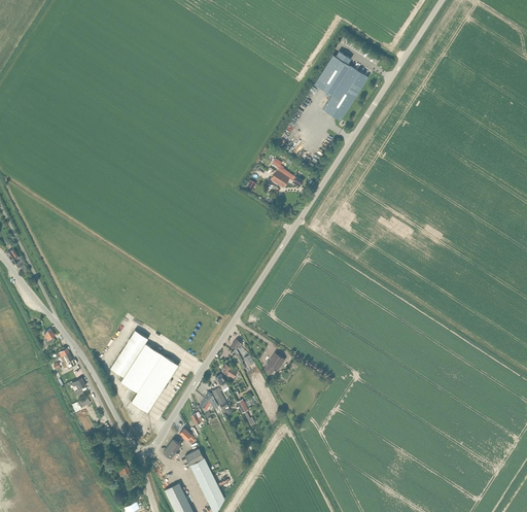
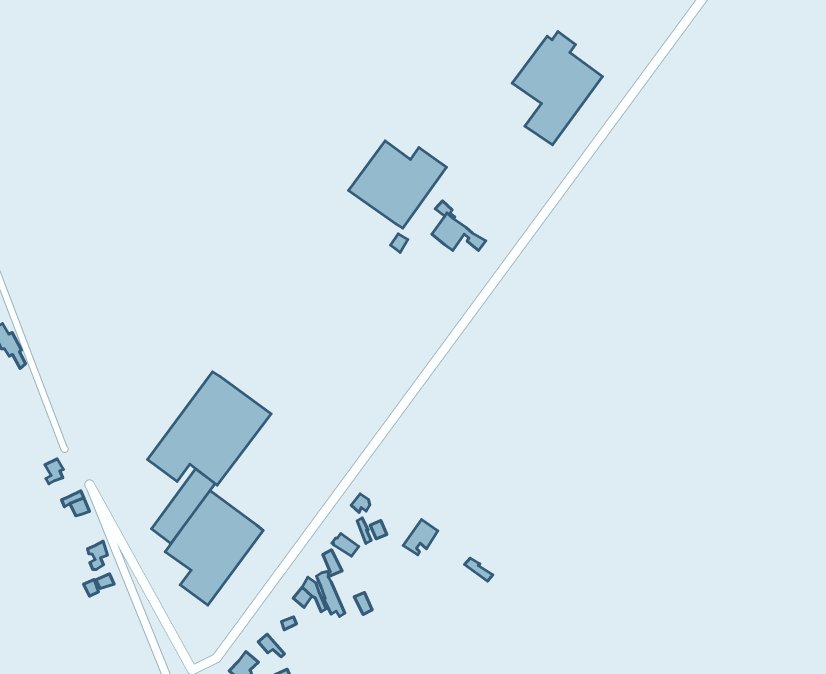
building: none -> [349,141,446,228]
building: none -> [148,372,271,485]

